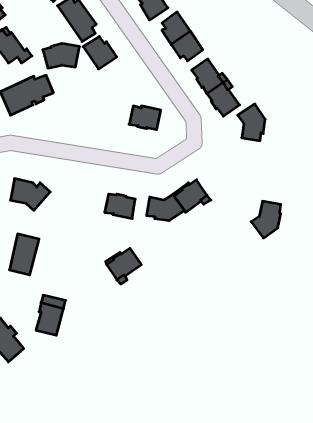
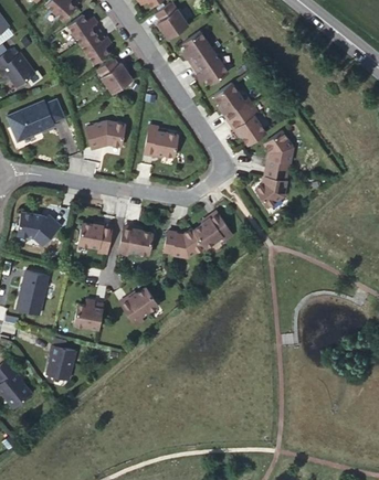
building: [43,44,80,68] -> [87,120,127,147]
building: none -> [78,223,113,247]
building: [251,201,281,238] -> [255,167,287,206]
building: none -> [74,299,104,328]

